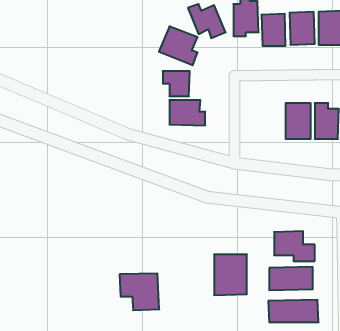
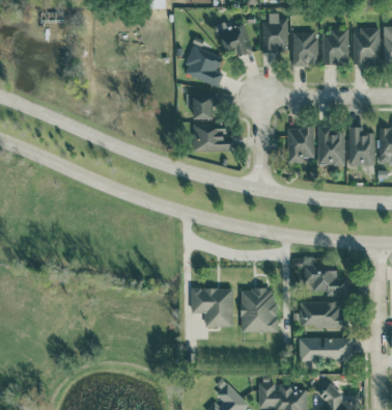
building: none -> [287,128,314,164]
building: [120,273,159,310] -> [191,289,233,328]

